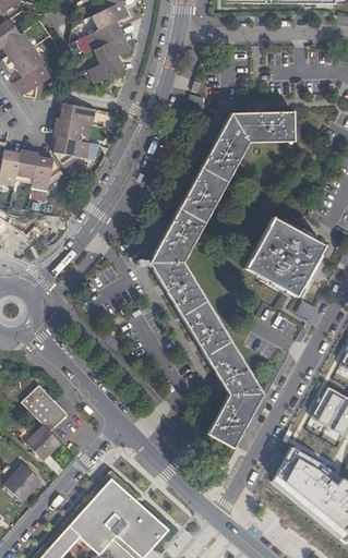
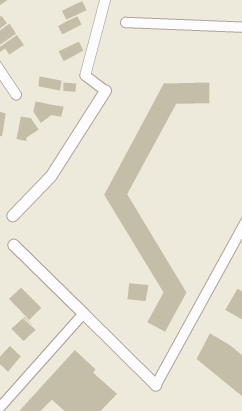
building: [94,35,130,63] -> none
building: [15,63,51,98] -> none
building: [53,118,82,141] -> none
building: [16,149,38,178] -> none
building: [245,217,324,296] -> none
building: none -> [126,282,150,302]

